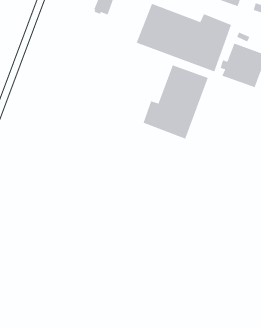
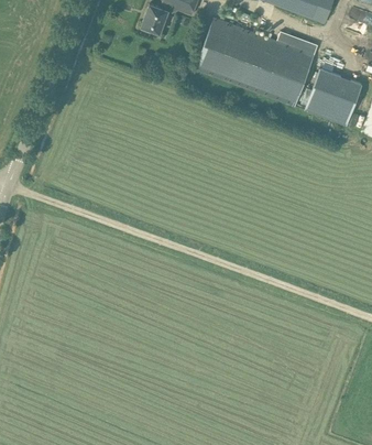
building: [143,65,209,139] -> none

